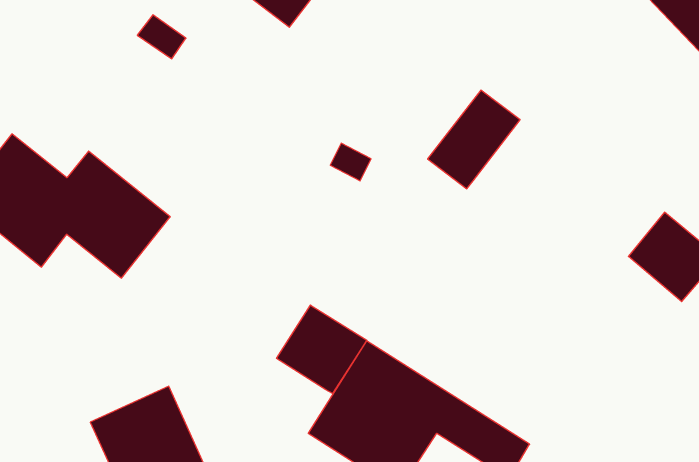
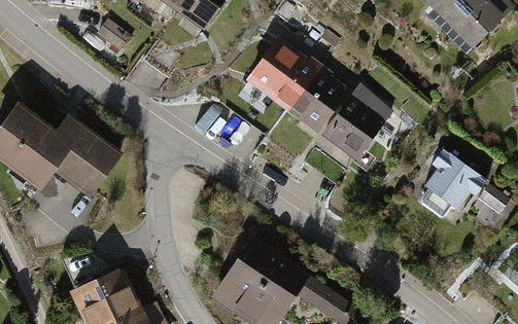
building: none -> [257,46,325,117]
building: none -> [320,84,395,160]
building: [277,305,367,394] -> none

